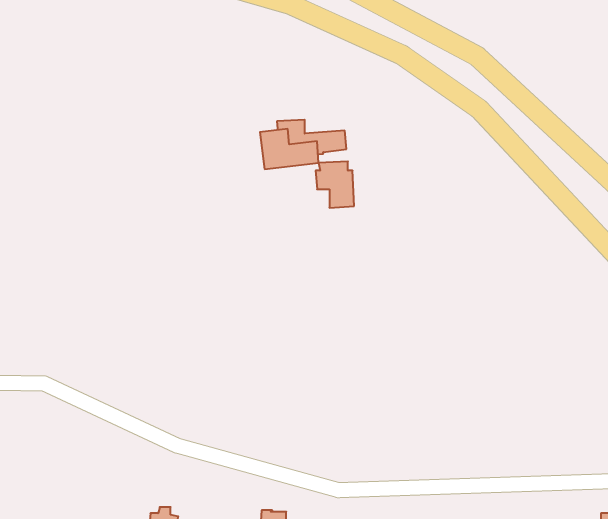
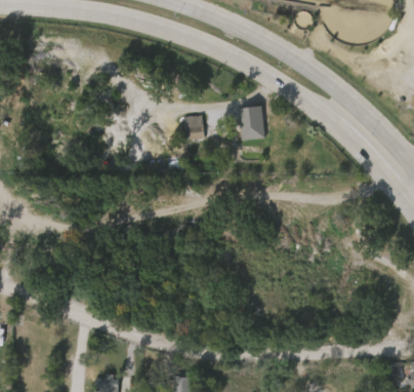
building: [316,161,354,208] -> [238,106,263,136]

